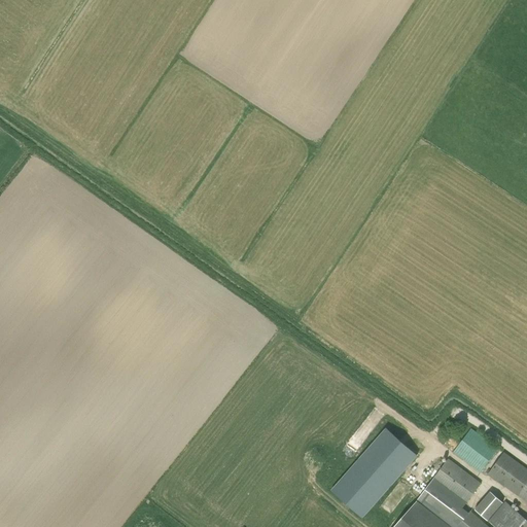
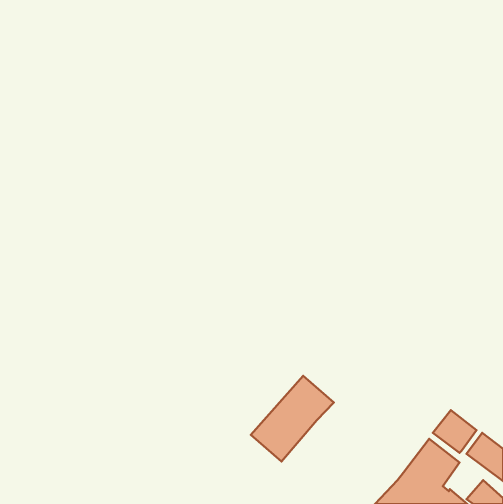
building: [330,428,417,518] -> [251,376,334,462]
building: [473,491,502,521] -> none

